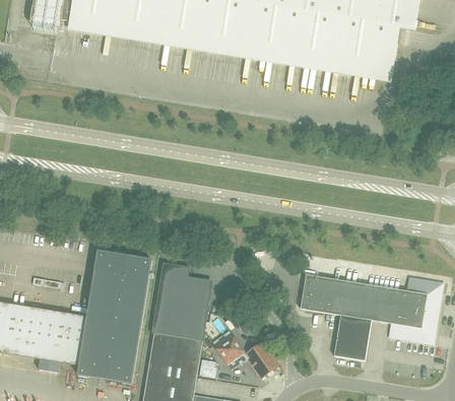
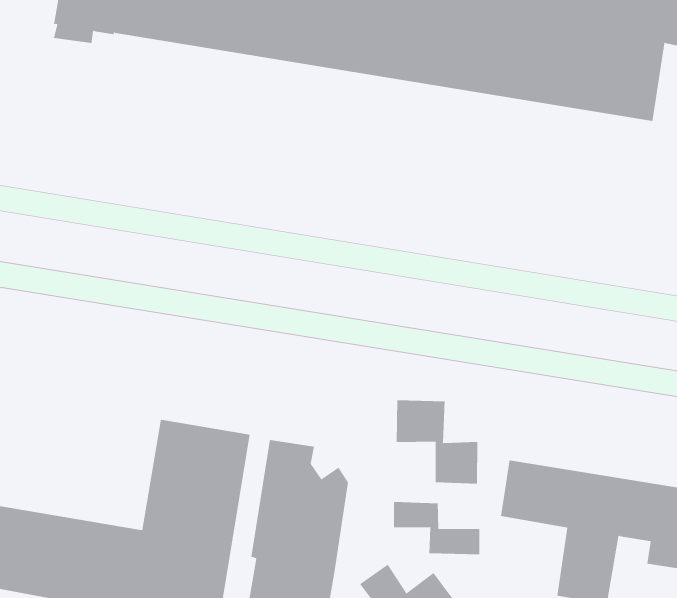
building: none -> [396,399,478,485]
building: none -> [394,501,480,555]

